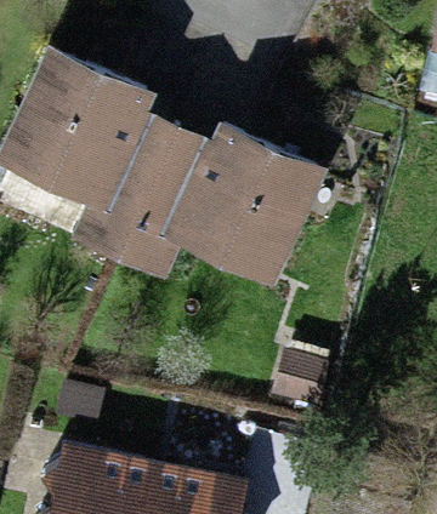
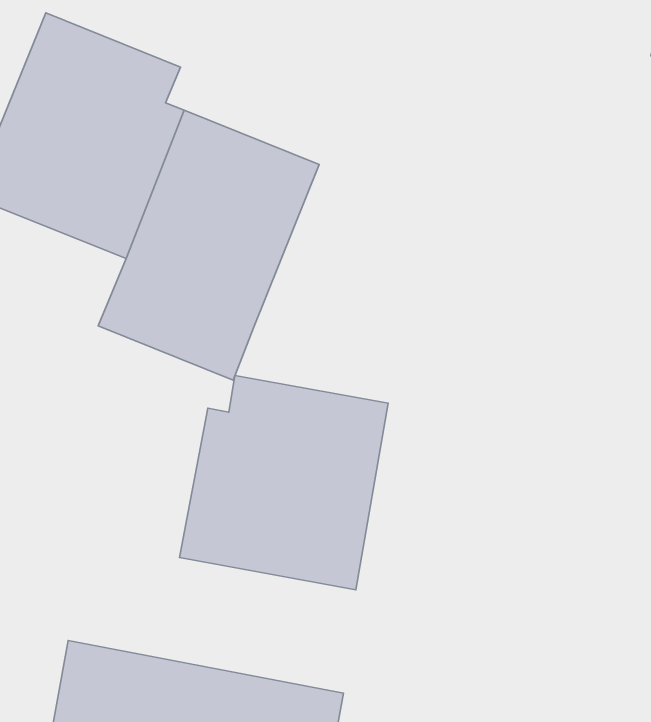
building: [177,131,314,282] -> none
building: none -> [180,376,388,590]

